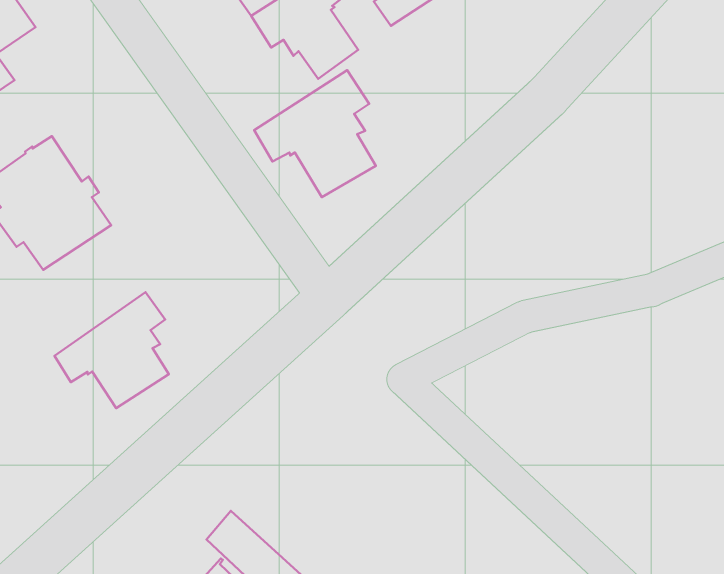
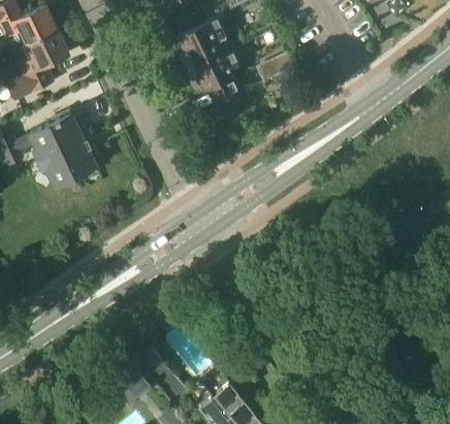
building: [254,70,376,197] -> none
building: [54,292,169,408] -> none

